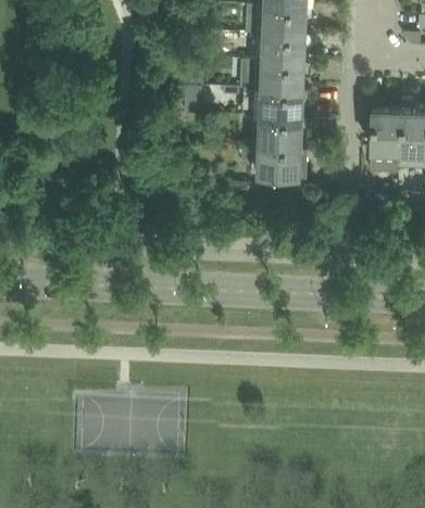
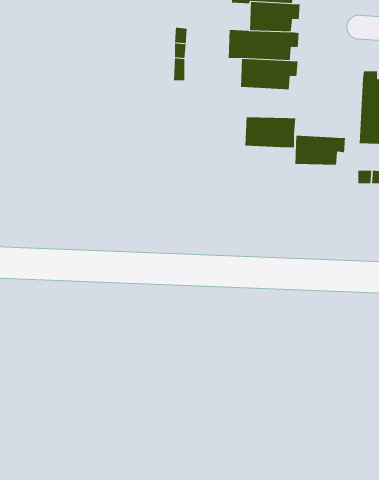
building: [258,118,308,148] -> [294,135,346,165]

